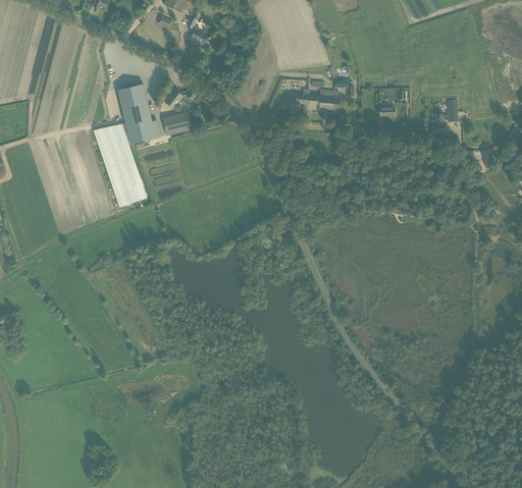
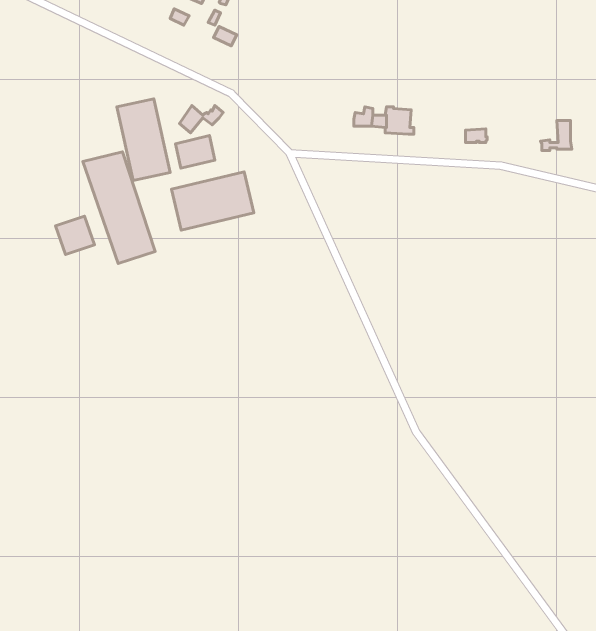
building: none -> [171,172,254,230]
building: none -> [55,216,94,255]

